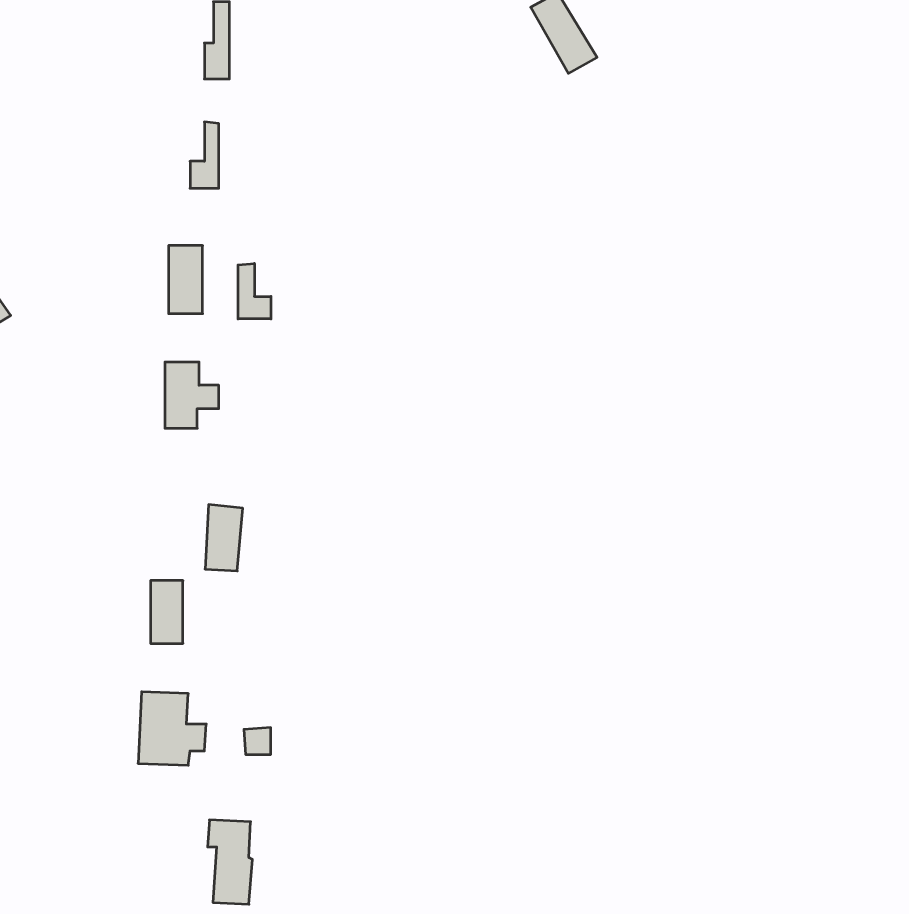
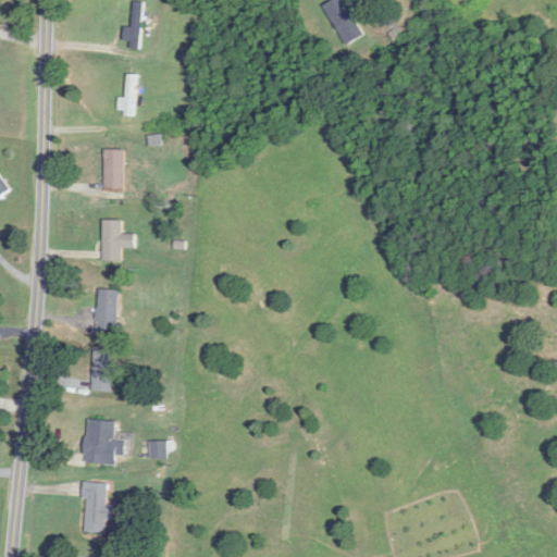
building: [238,263,271,319] -> none
building: [205,505,243,571] -> [95,288,117,329]
building: [208,820,252,904] -> [81,482,108,533]

